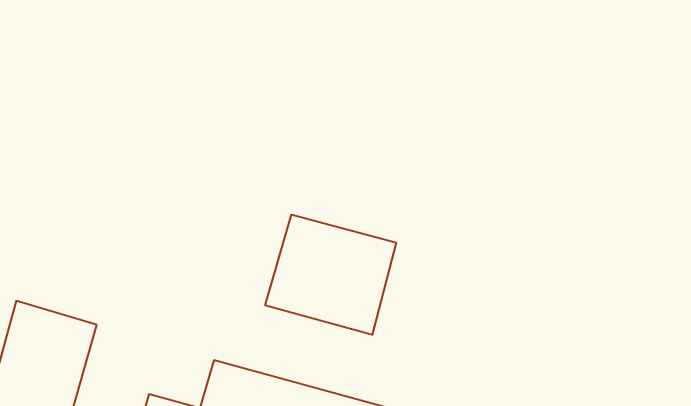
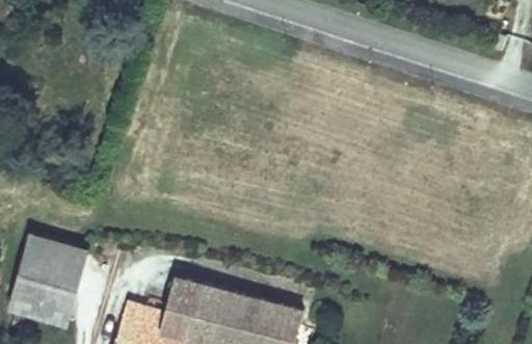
building: [265,215,396,335] -> none

